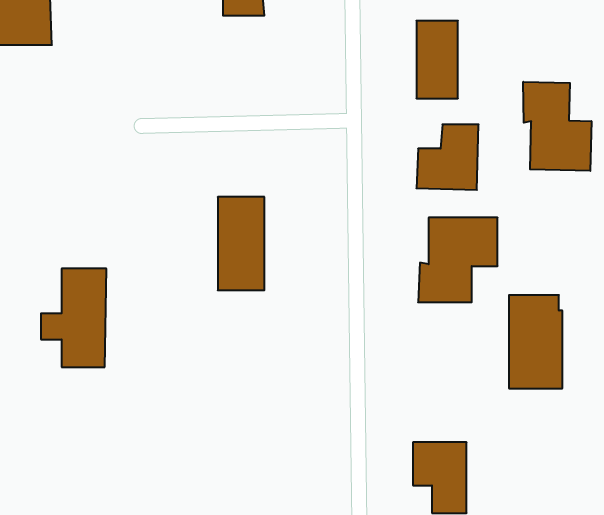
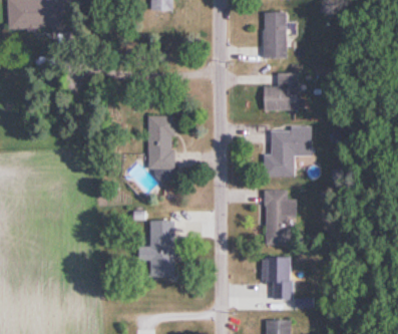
building: [523,82,591,171] -> none
building: [41,269,106,367] -> [137,220,175,277]
building: [509,295,562,388] -> [265,191,296,245]

